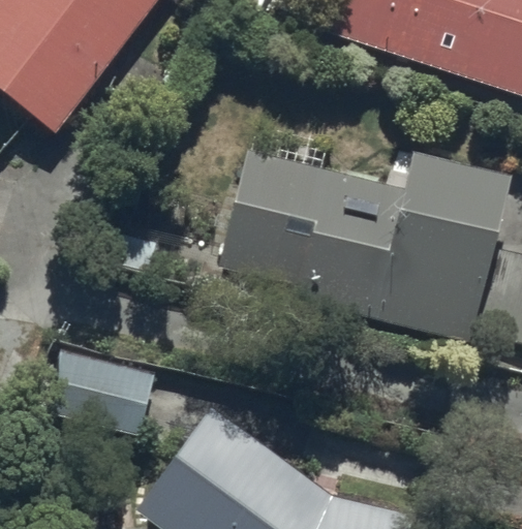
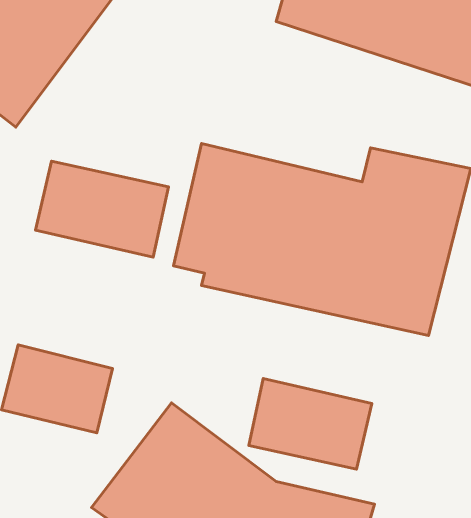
building: none -> [36,161,169,257]
building: none -> [249,378,372,469]

